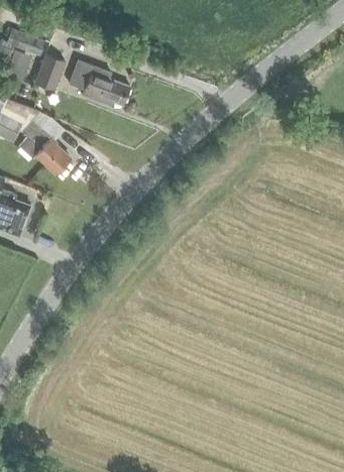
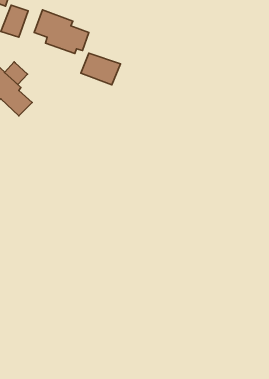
building: none -> [81,53,121,85]

